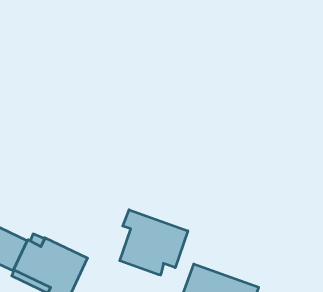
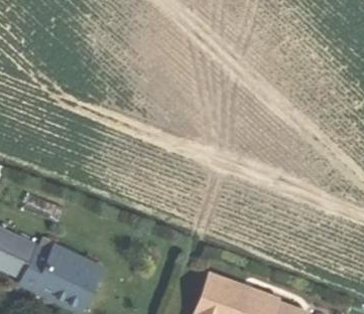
building: [120,210,188,275] -> none

